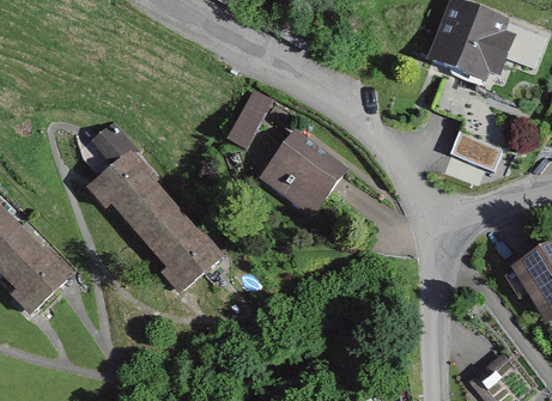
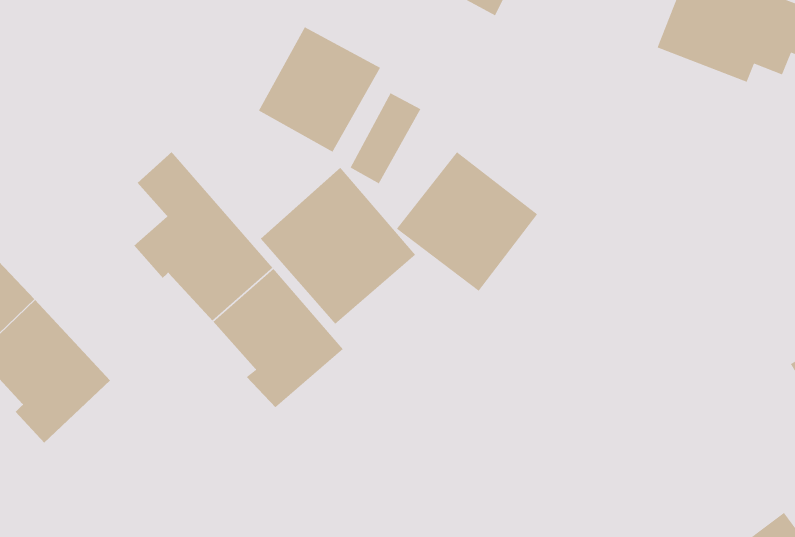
building: none -> [258,26,381,153]
building: [449,130,503,170] -> none
building: none -> [260,167,416,325]

